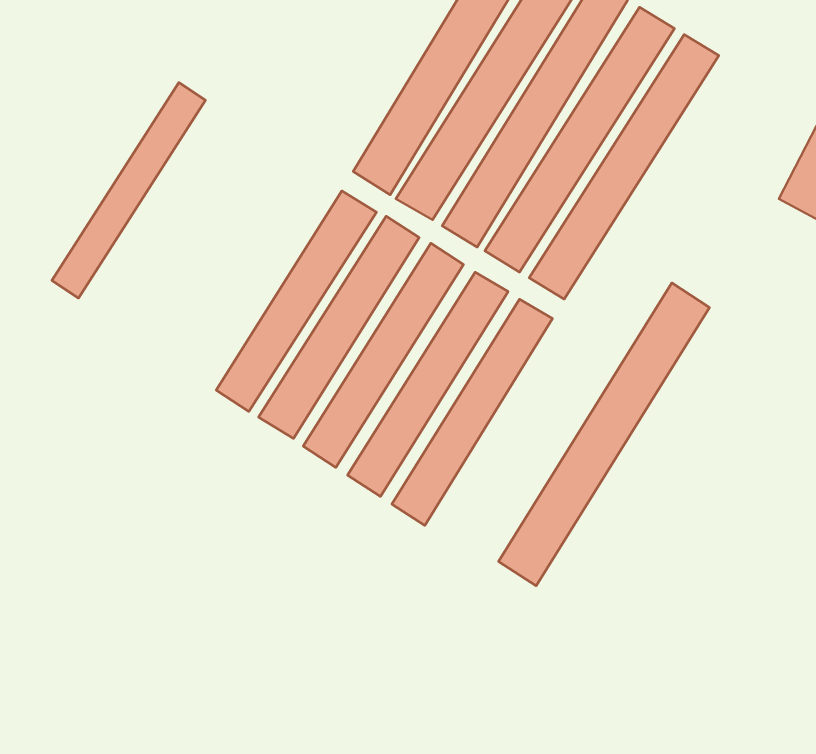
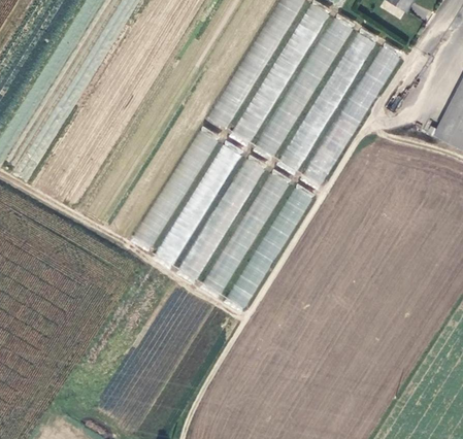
building: [52,82,206,298] -> none
building: [498,283,710,586] -> none

